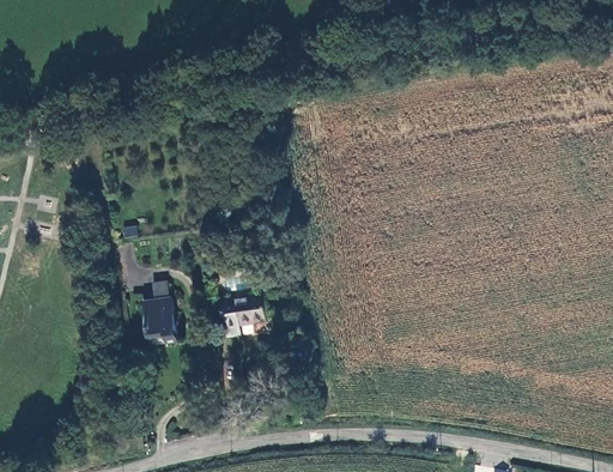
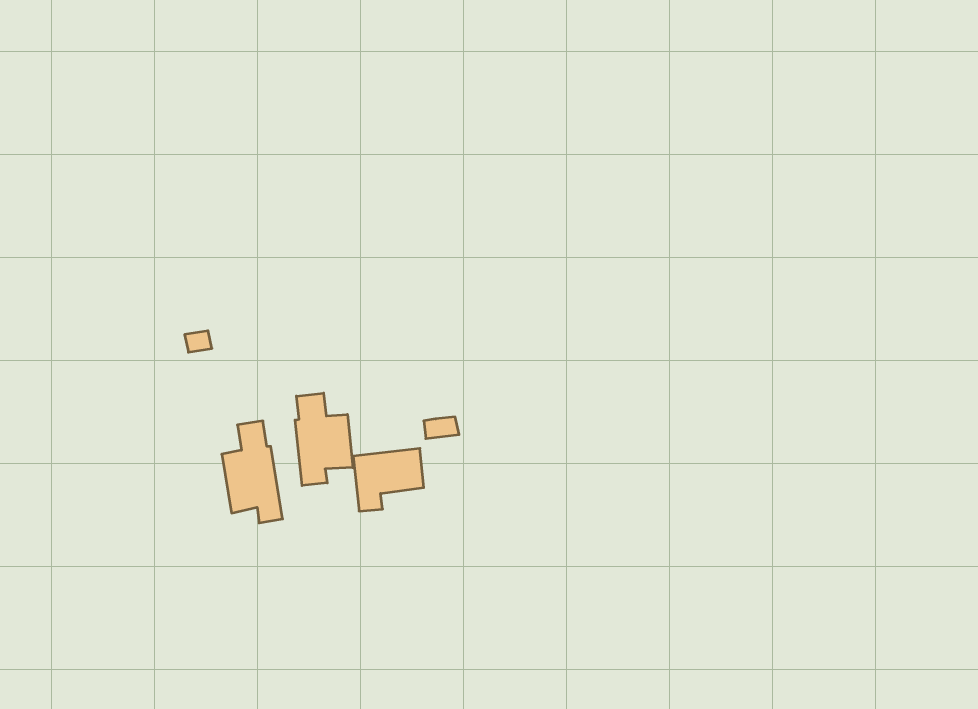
building: none -> [295,393,353,486]

